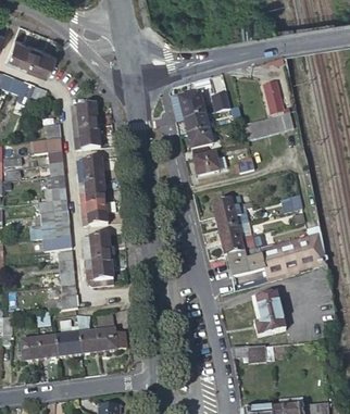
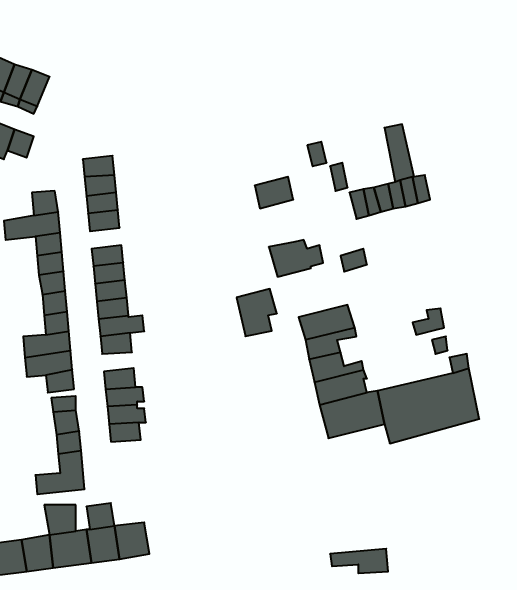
building: [178,91,204,120] -> none
building: [187,128,212,158] -> [237,289,277,336]
building: [253,290,285,335] -> none

